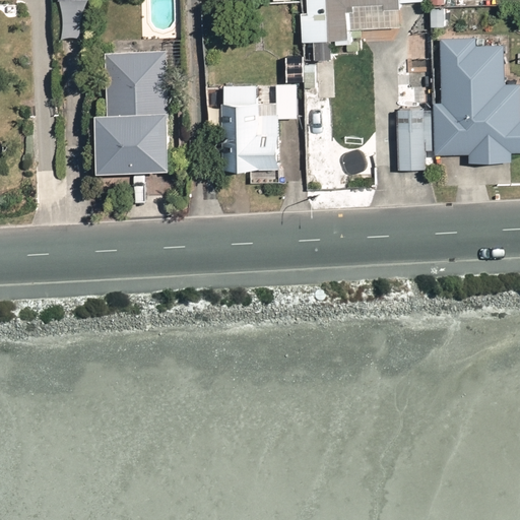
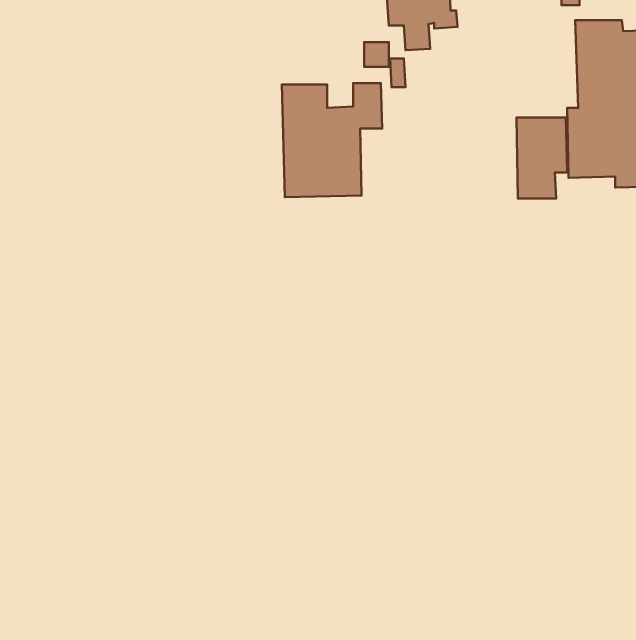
building: [95,51,171,173] -> none

